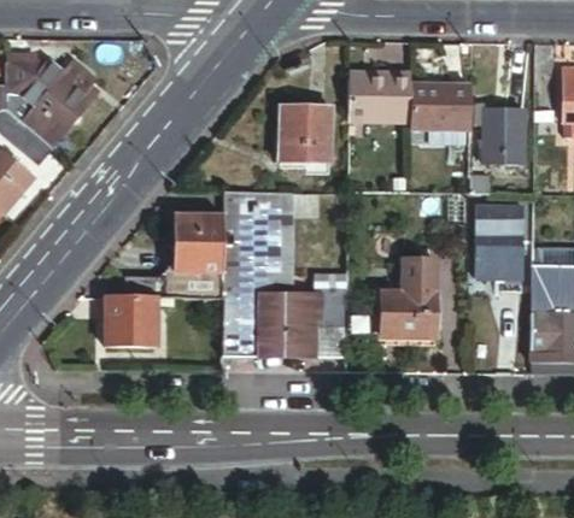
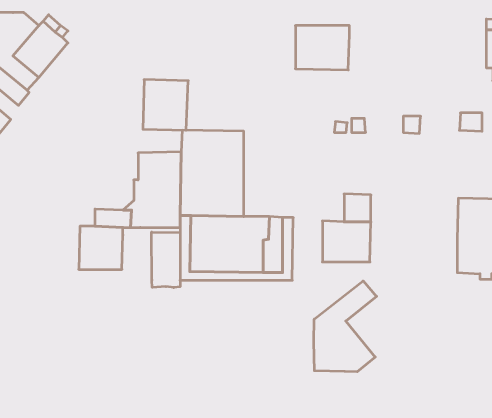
building: [409,83,470,145] -> none
building: [280,104,330,160] -> [143,80,188,130]
building: [484,107,523,161] -> none
building: [475,206,520,292] -> none
building: none -> [152,232,180,288]
building: none -> [314,281,377,372]

